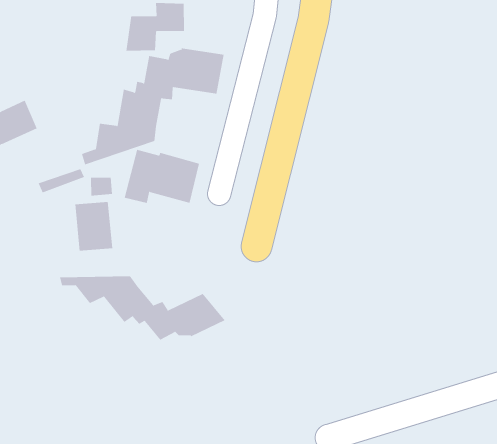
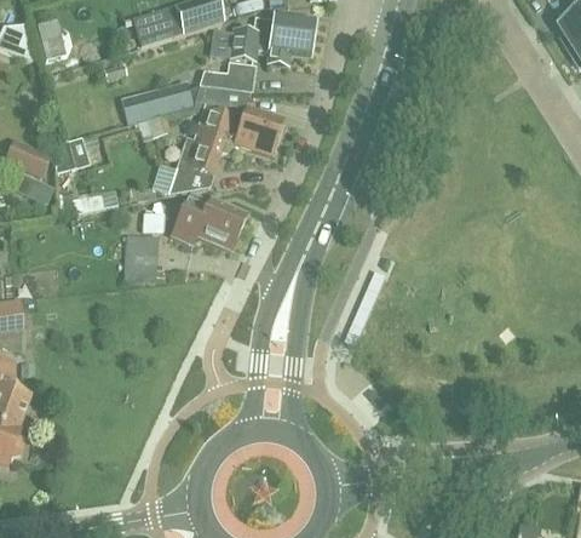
building: none -> [120,80,194,122]
building: [60,275,225,340] -> none

